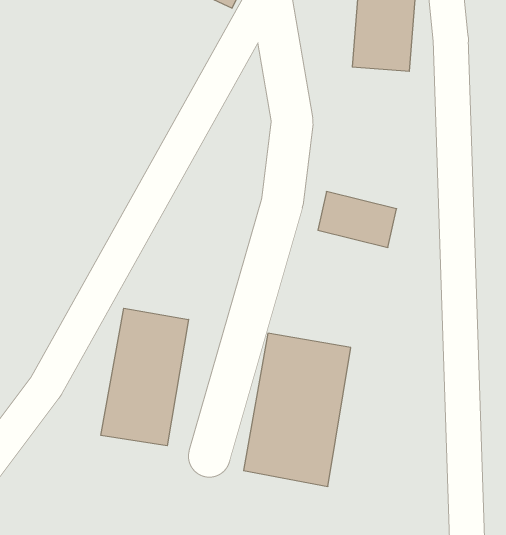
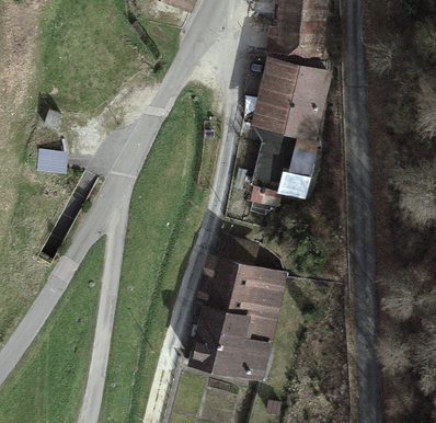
building: none -> [251,59,321,136]
building: [101,308,189,446] -> none

